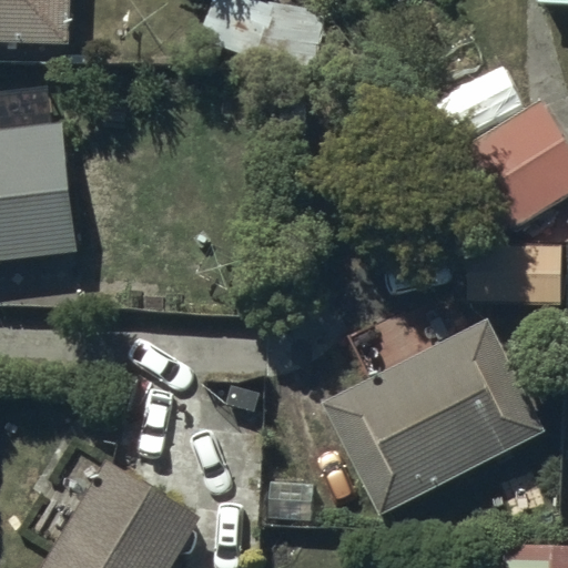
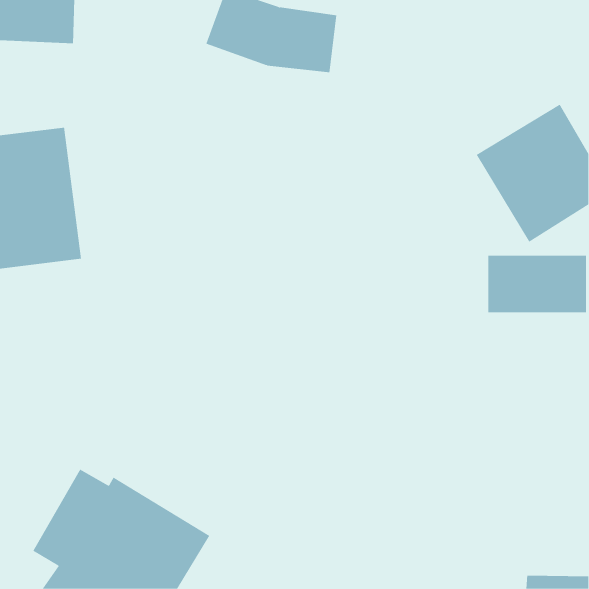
building: [325,317,546,511] -> none

